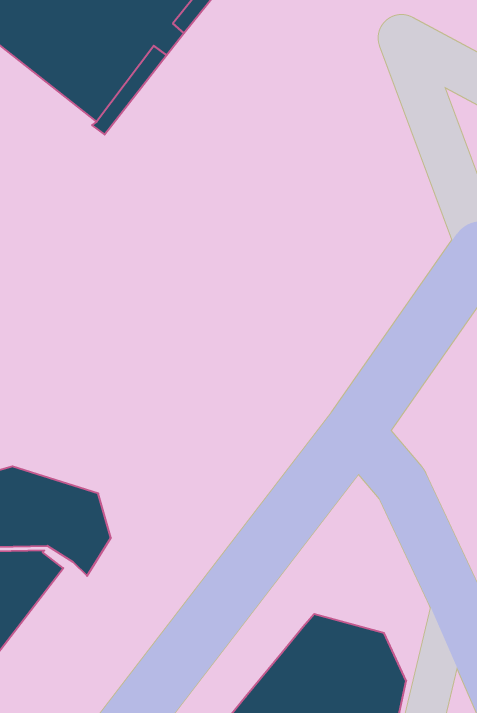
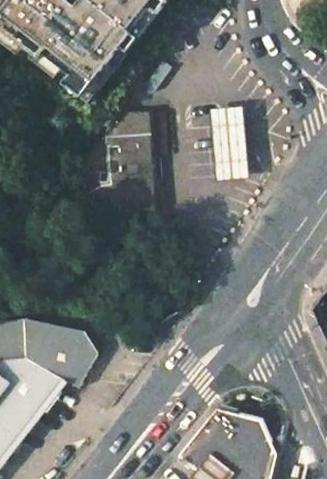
building: none -> [208,109,248,184]
building: none -> [82,114,157,220]

